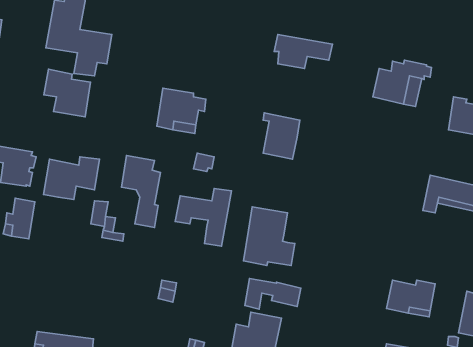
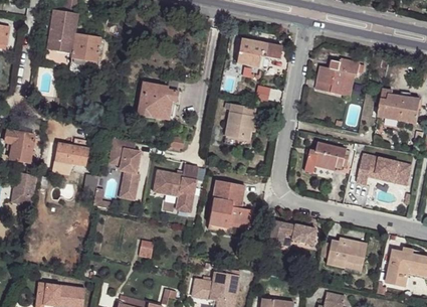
building: [44,69,90,117] -> none
building: none -> [304,142,349,172]
building: [245,278,301,309] -> [269,220,315,246]

